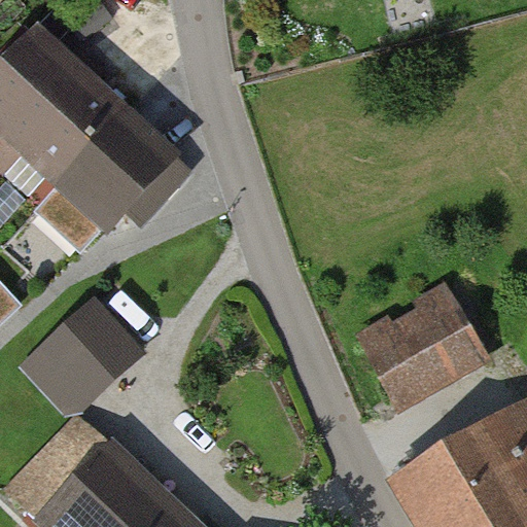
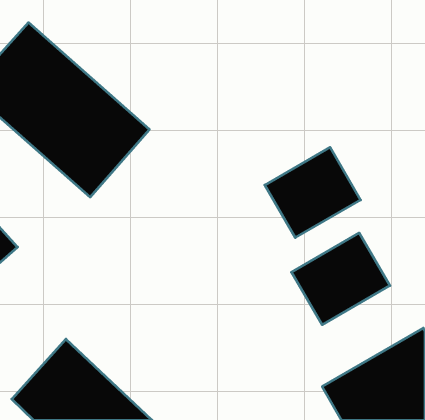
building: none -> [265,147,361,238]
building: [32,298,143,410] -> none

